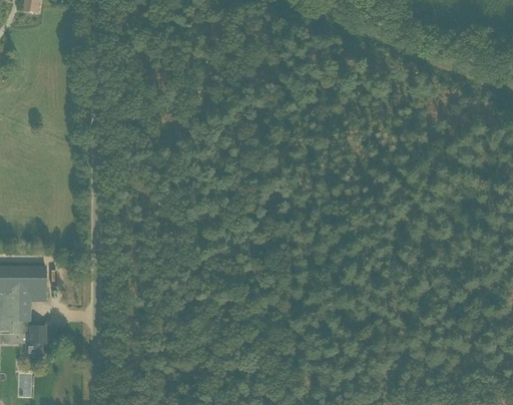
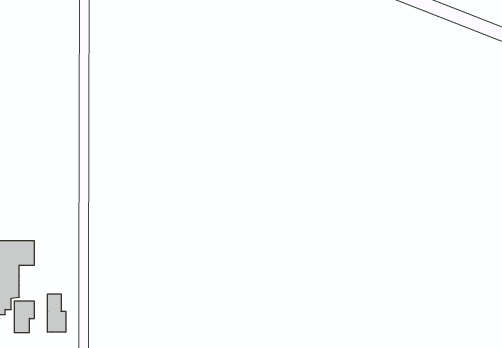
building: none -> [48,294,66,332]

